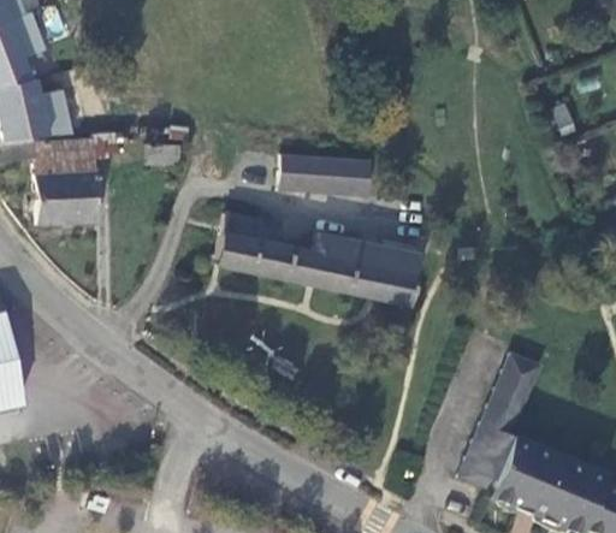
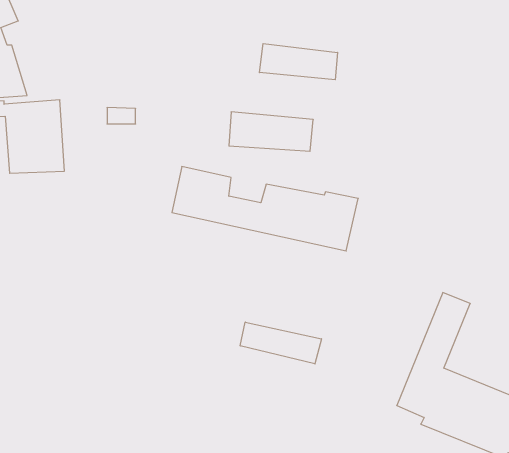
building: none -> [259,44,338,80]
building: none -> [240,322,321,364]

